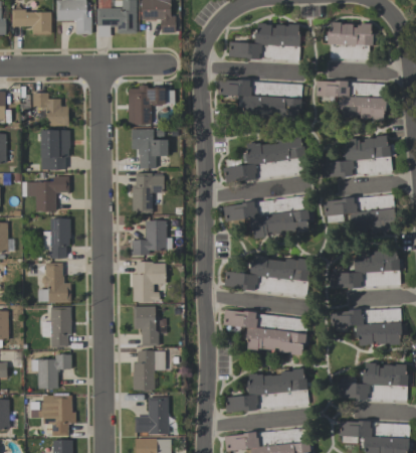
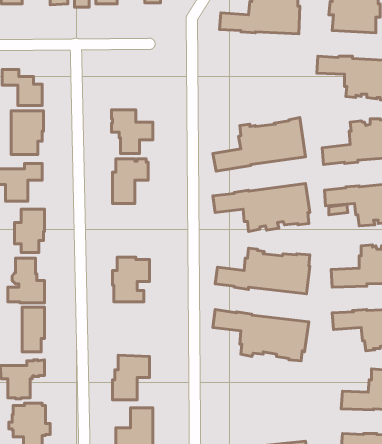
building: [218,80,303,116] -> none
building: [129,85,176,125] -> none
building: [133,220,173,255] -> none
building: [135,306,159,346] -> none
building: [226,368,309,413] -> none

